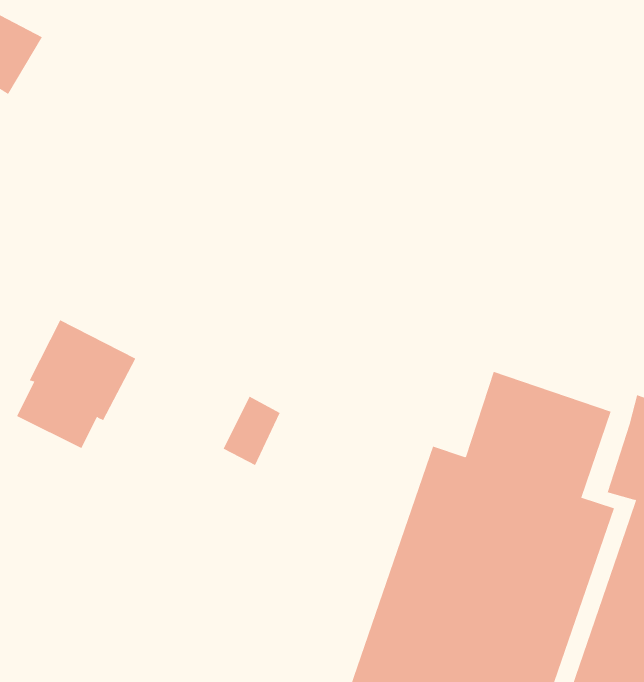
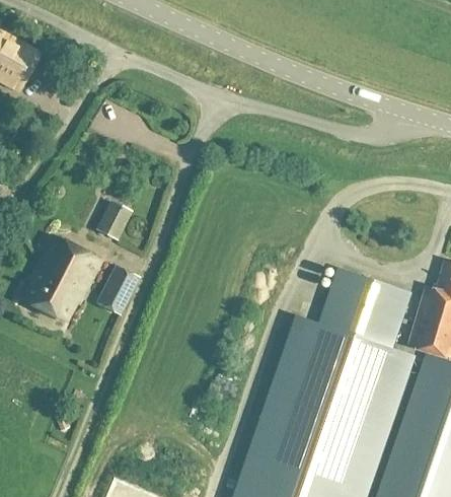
building: none -> [96,204,130,240]
building: [223,396,280,466] -> [99,266,137,311]

